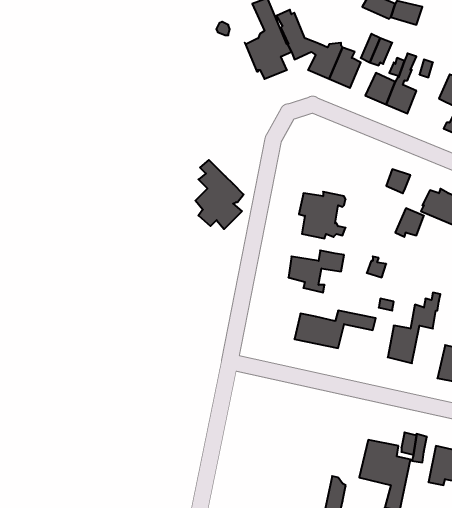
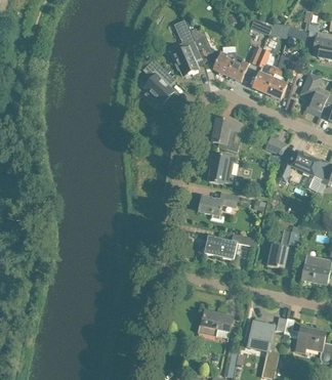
building: none -> [212,117,241,150]
building: [195,160,244,229] -> [141,55,174,102]
building: none -> [197,310,233,337]

